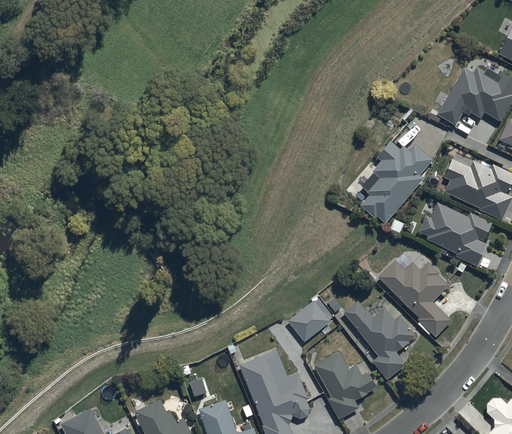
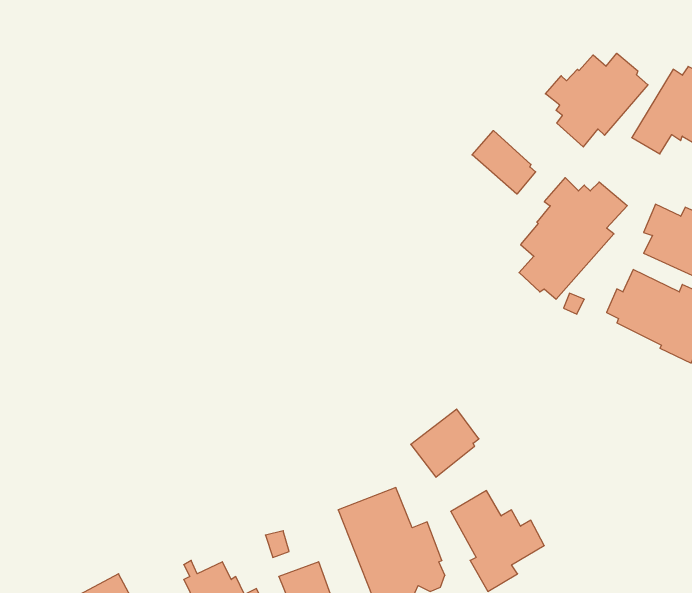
building: none -> [545,53,648,147]
building: none -> [472,131,536,194]
building: [377,260,451,337] -> none
building: [343,301,416,380] -> none

